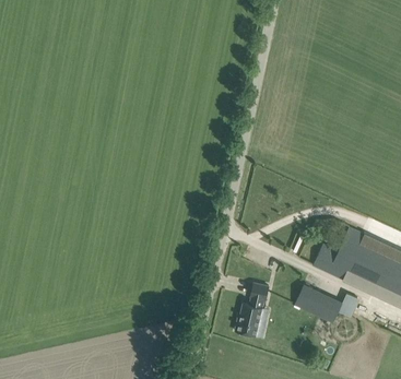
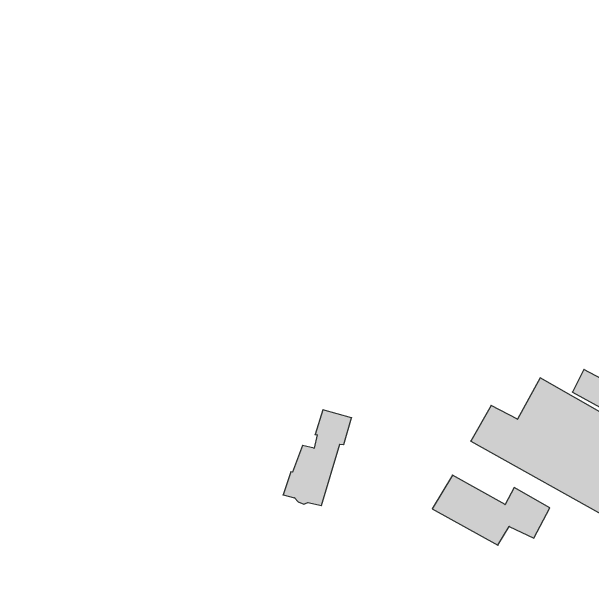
building: [235,283,270,336] -> [283,410,352,506]

